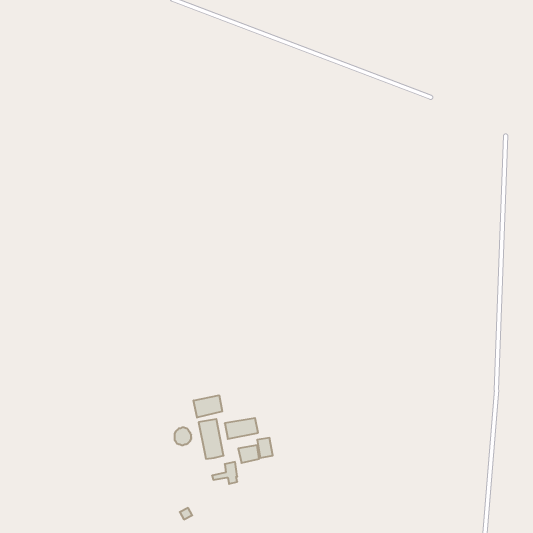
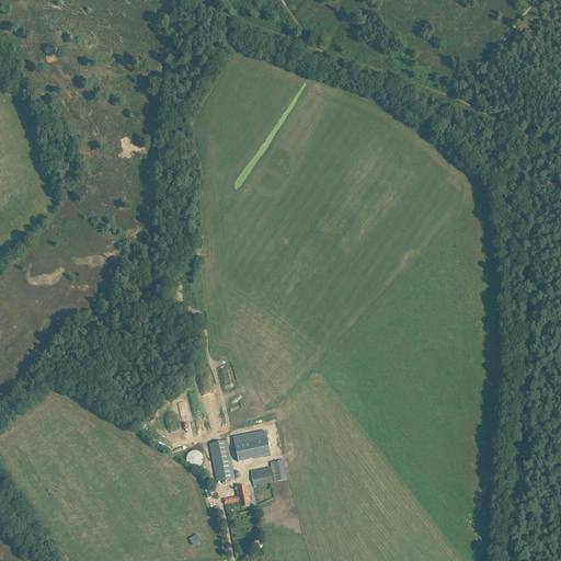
building: [194,395,222,418] -> none

